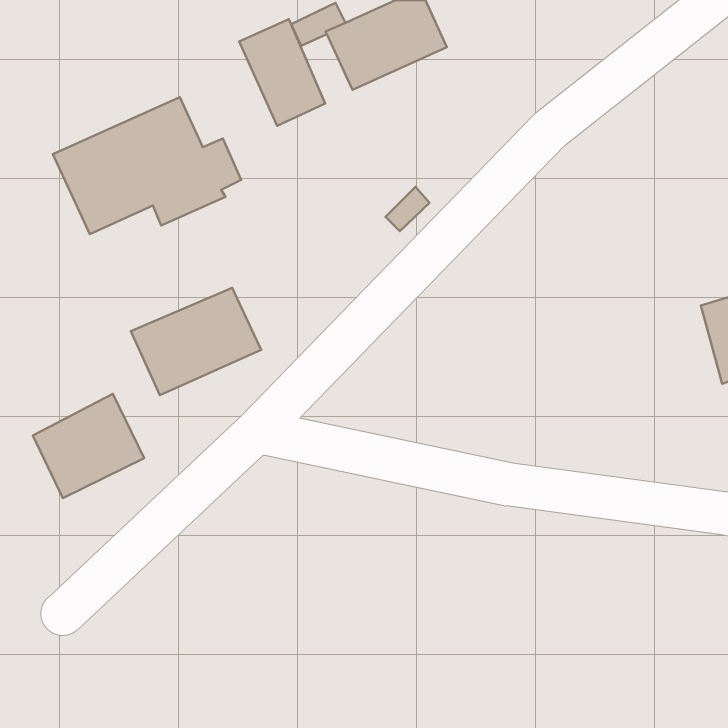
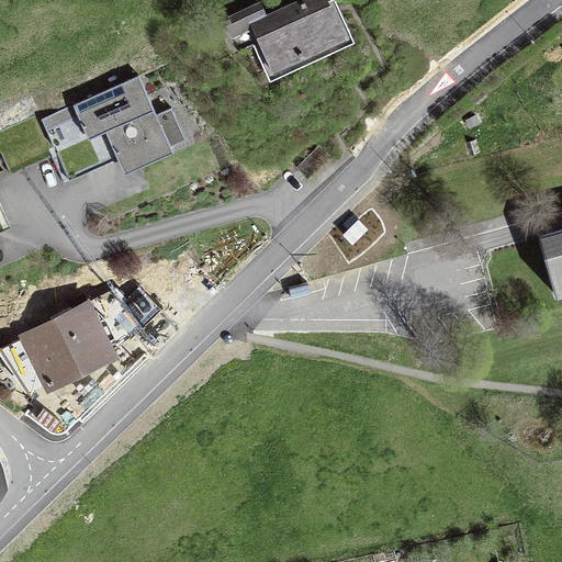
building: [239,19,325,126] -> none
building: [131,288,261,395] -> none

